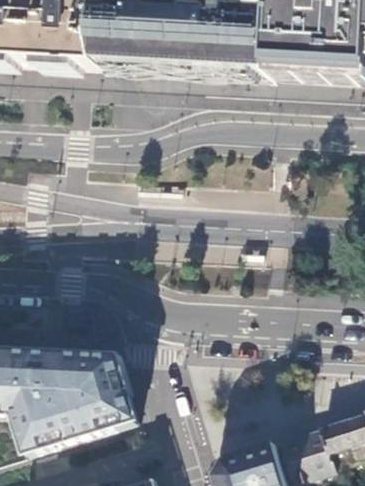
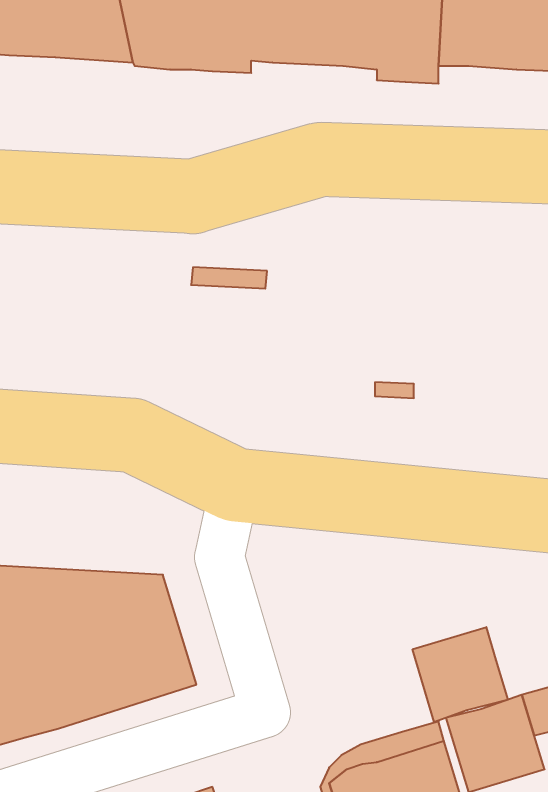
building: none -> [413,627,508,722]

